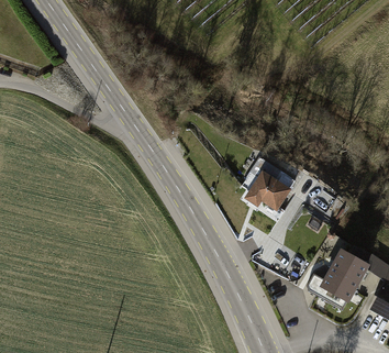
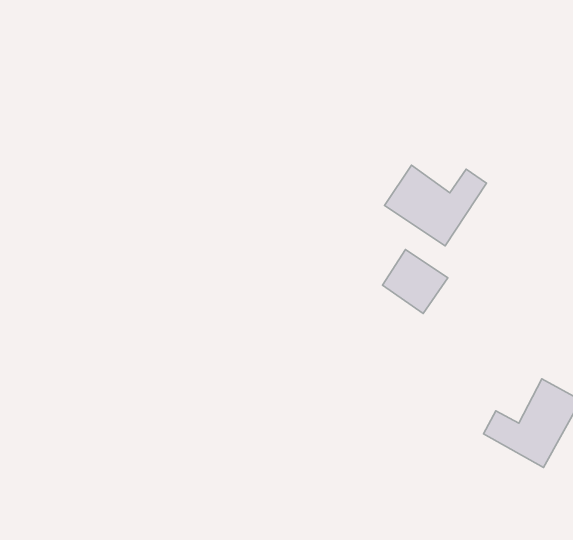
building: none -> [384,165,486,246]

